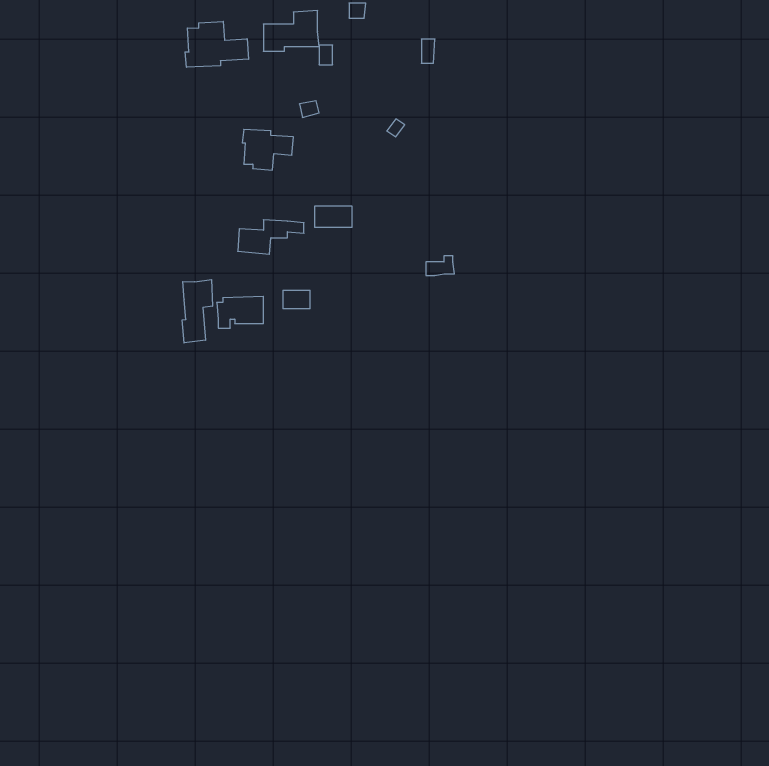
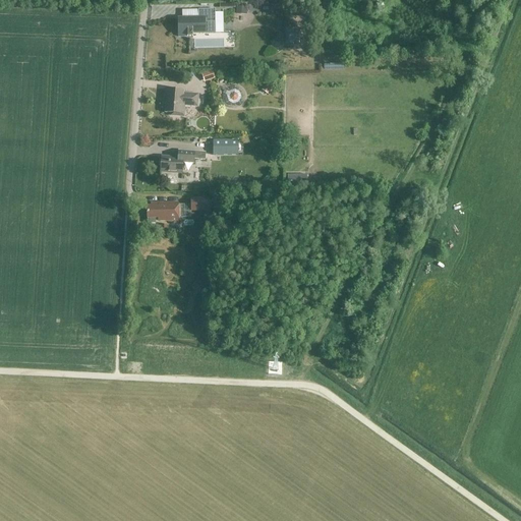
building: [185,21,249,67] -> none
building: [182,280,212,343] -> none

